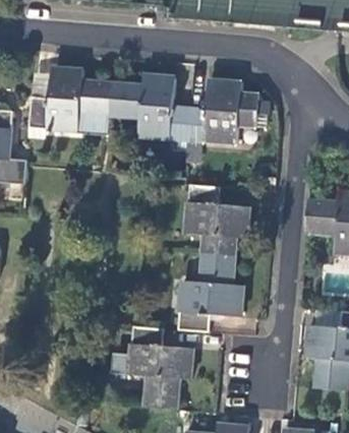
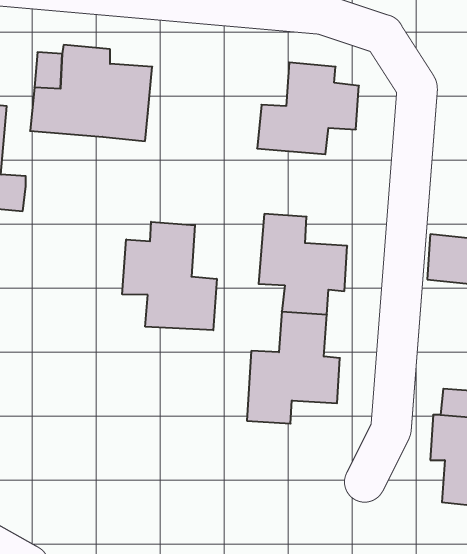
building: [110,74,189,139] -> none
building: none -> [122,222,217,330]
building: [114,325,193,409] -> none

